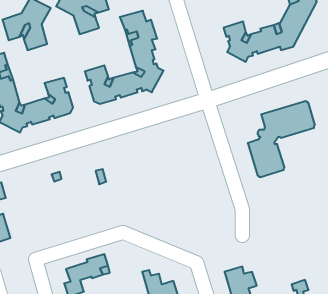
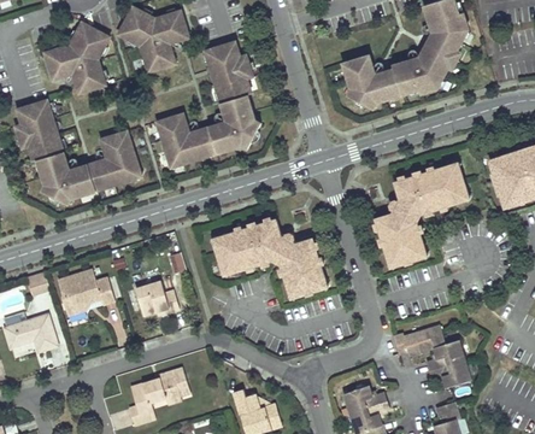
building: none -> [214,216,327,294]
building: none -> [57,269,113,316]
building: none -> [135,282,178,316]
building: none -> [392,327,470,387]

